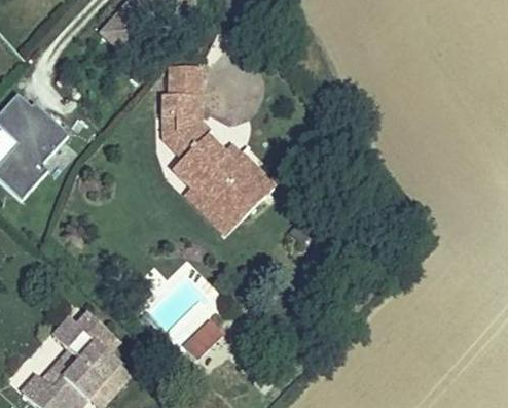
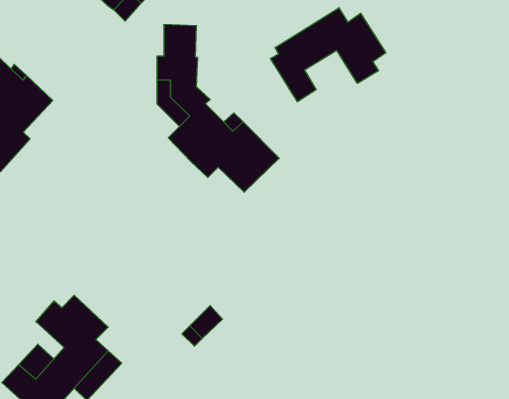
building: none -> [271,8,386,102]
building: [187,190,241,234] -> none

